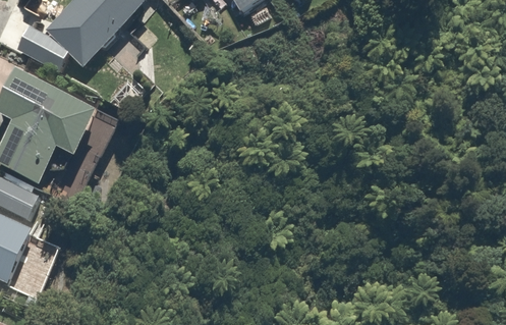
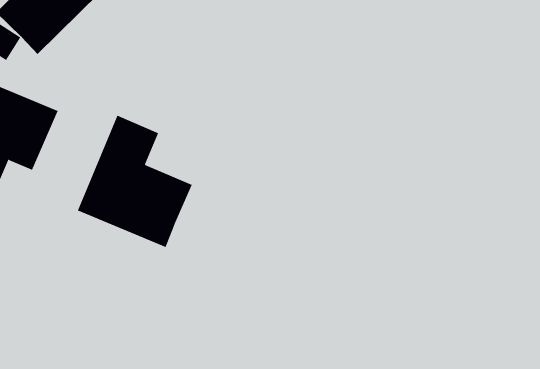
building: none -> [77,115,193,248]

